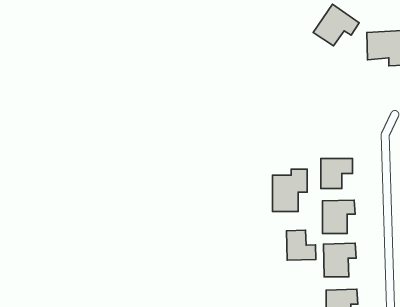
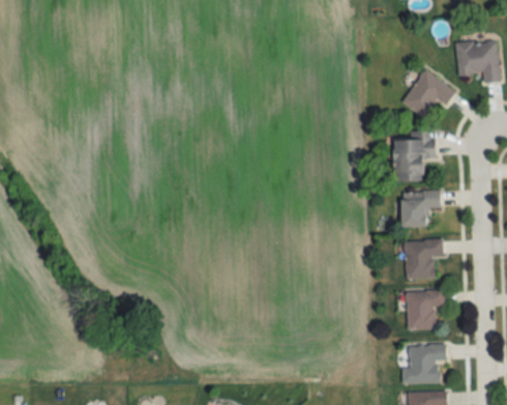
building: [313,4,359,46] -> [401,68,455,117]
building: [273,169,307,211] -> [394,131,435,180]
building: [287,230,316,260] -> none

